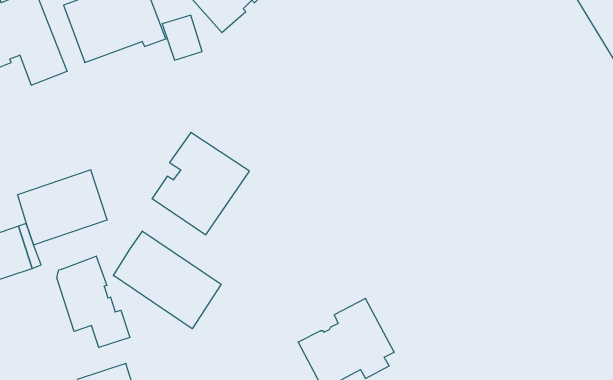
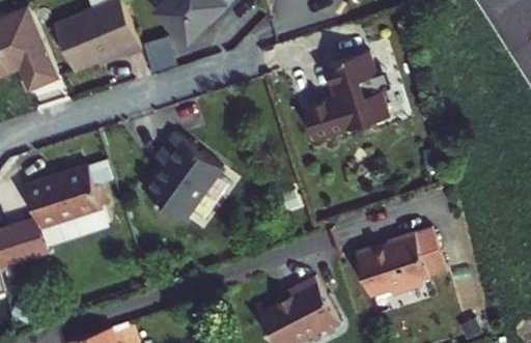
building: none -> [302,50,386,140]
building: [113,231,221,329] -> none
building: none -> [365,222,455,291]
building: [57,256,130,348] -> none

